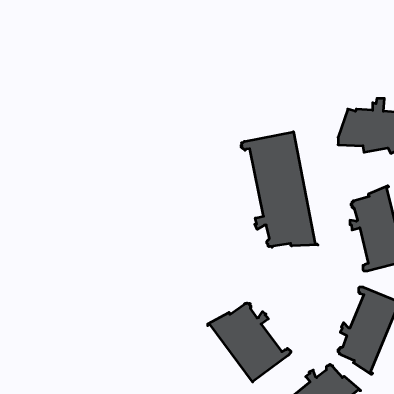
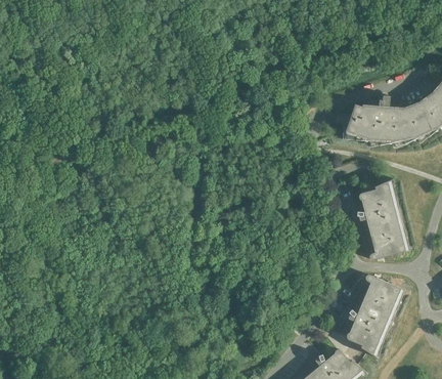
building: [241,132,318,247] -> none
building: [208,303,291,382] -> none

